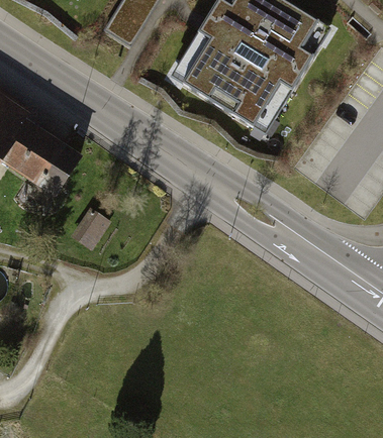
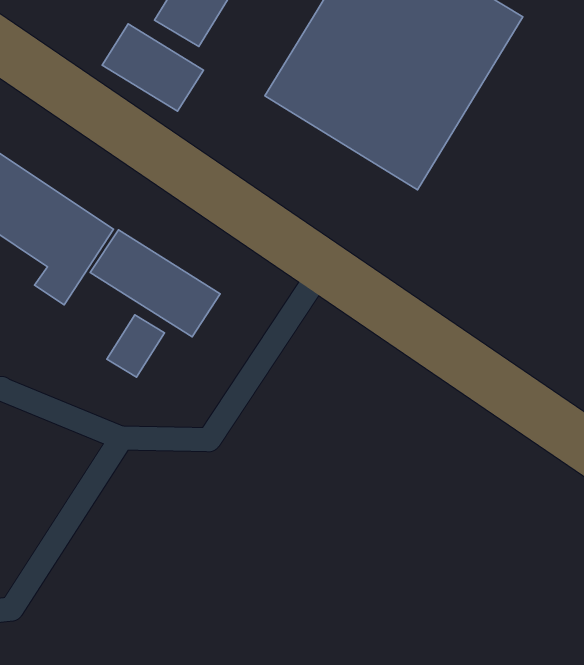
building: none -> [102,24,204,111]
building: none -> [90,230,220,337]

